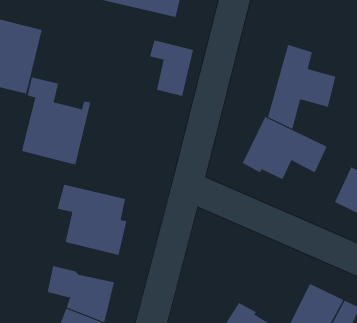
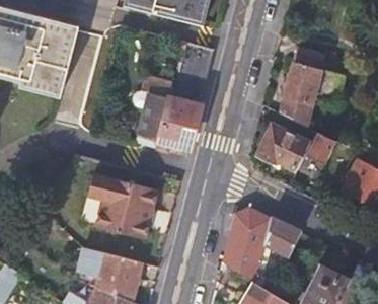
building: [21,77,91,166] -> [138,76,202,157]
building: none -> [223,207,299,290]

